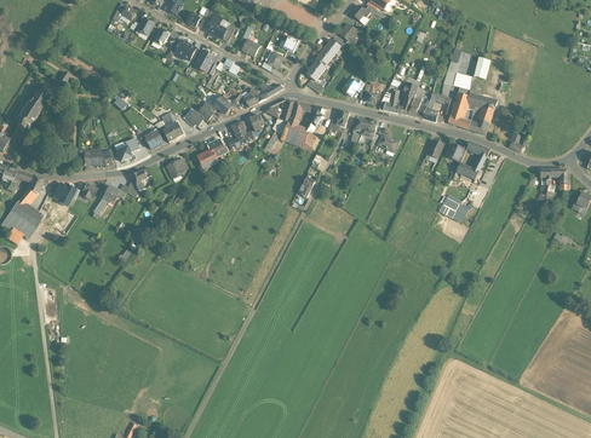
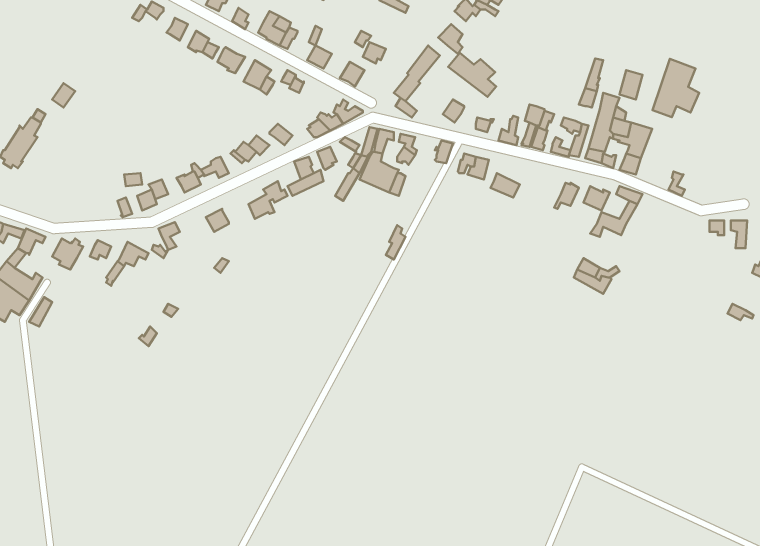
building: none -> [448,53,496,97]
building: none -> [653,59,699,117]

